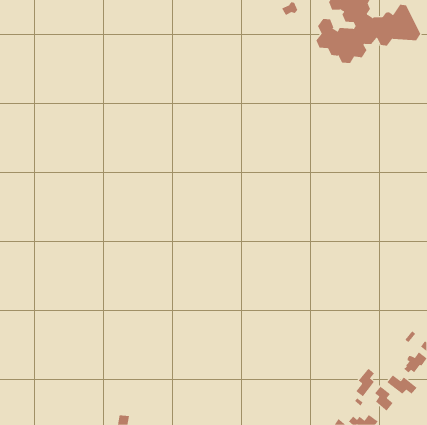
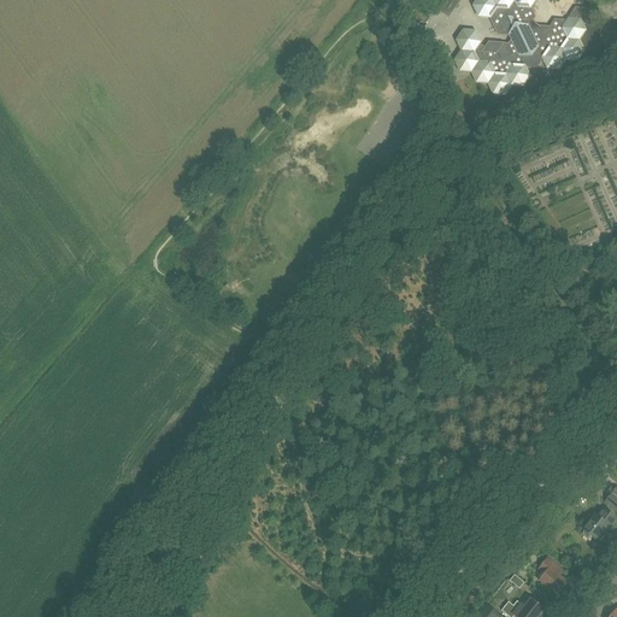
building: [356,368,375,397] -> none
building: [386,375,417,395] -> none

